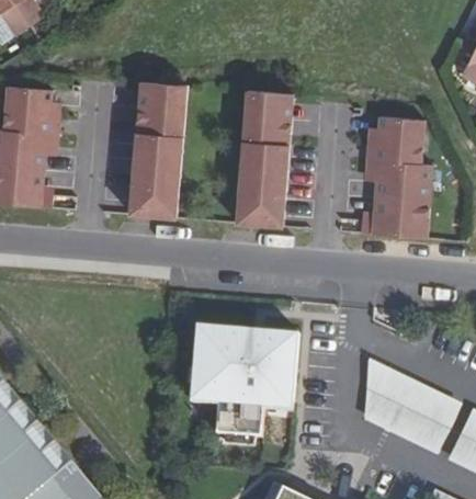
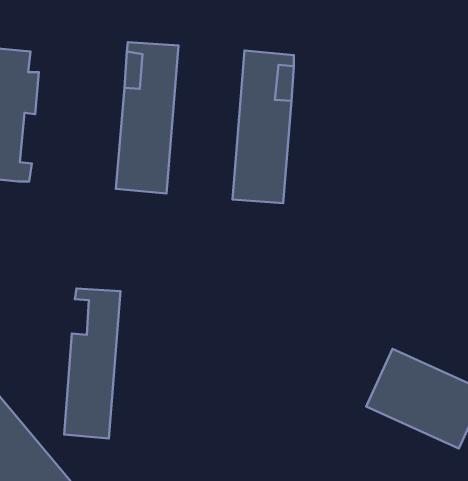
building: [359,116,430,240] -> none
building: none -> [64,288,120,438]
building: [196,327,297,439] -> none

